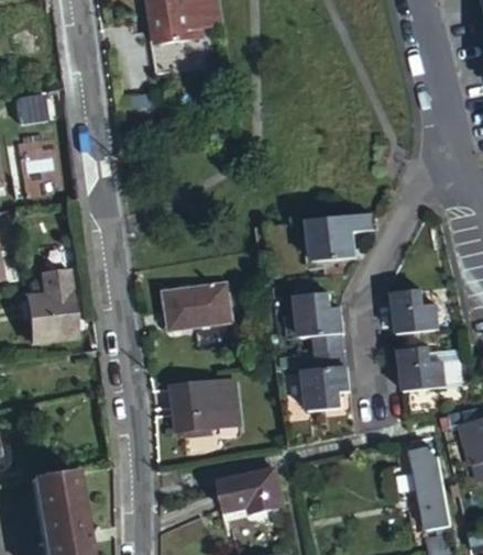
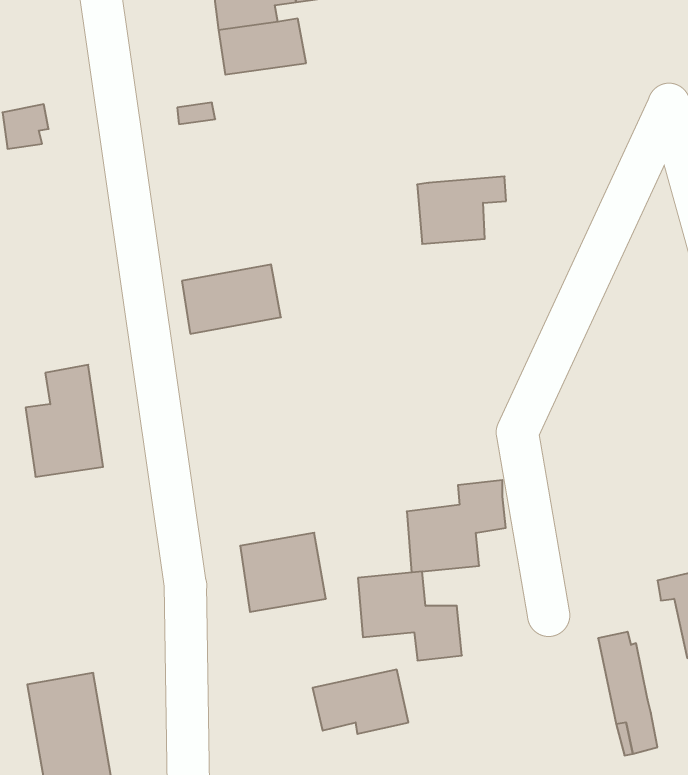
building: [307,220,366,265] -> [417,176,506,244]
building: [396,280,442,326] -> none
building: [167,284,233,330] -> [182,264,281,334]
building: [277,288,347,347] -> [358,571,462,660]
building: [403,338,448,403] -> none

